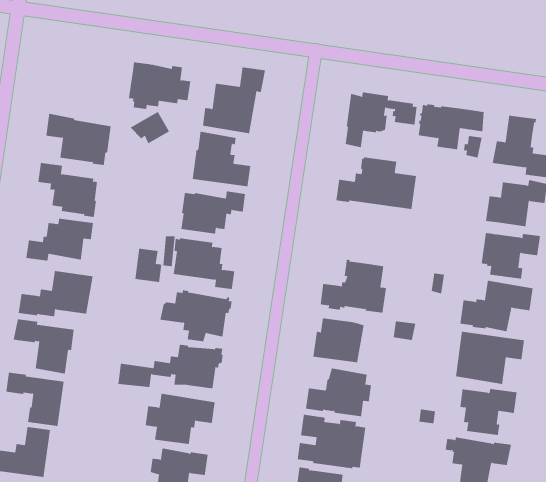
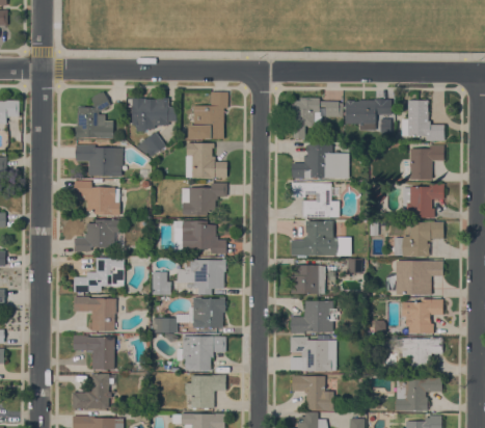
building: none -> [74,91,113,138]
building: none -> [291,182,340,217]
building: [134,248,162,283] -> [153,272,171,295]

